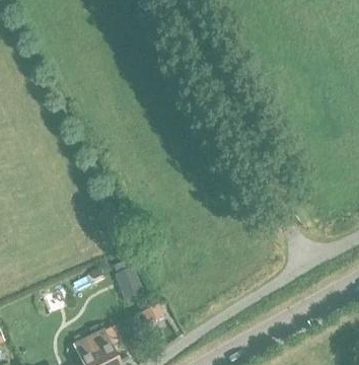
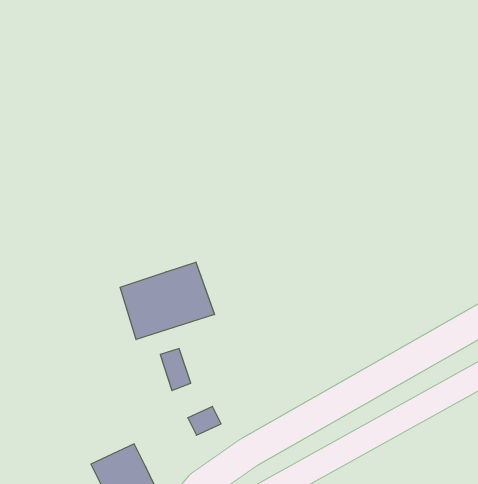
building: none -> [120,262,214,340]

